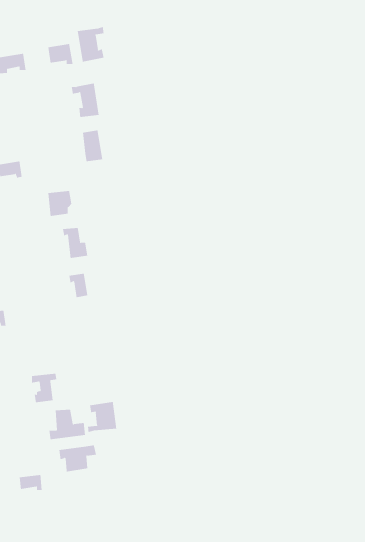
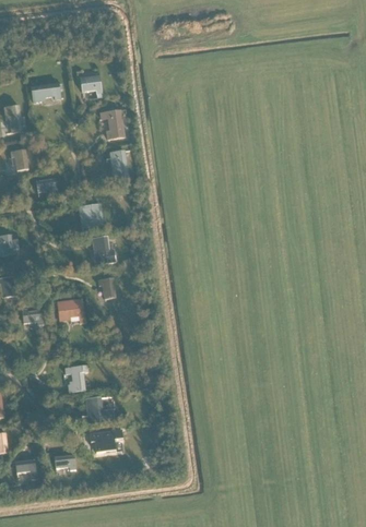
building: [77,26,104,63] -> none
building: none -> [56,299,84,323]
building: [88,401,117,433] -> none

